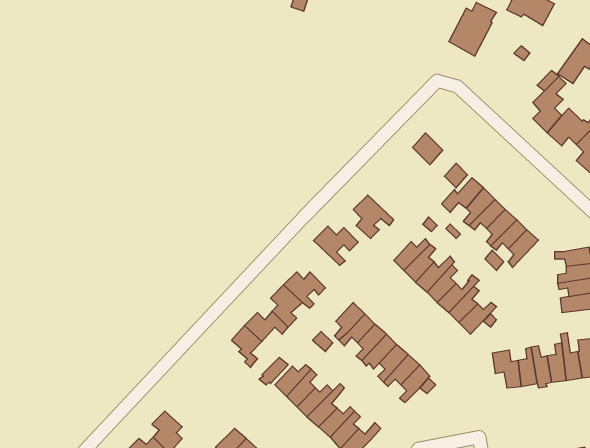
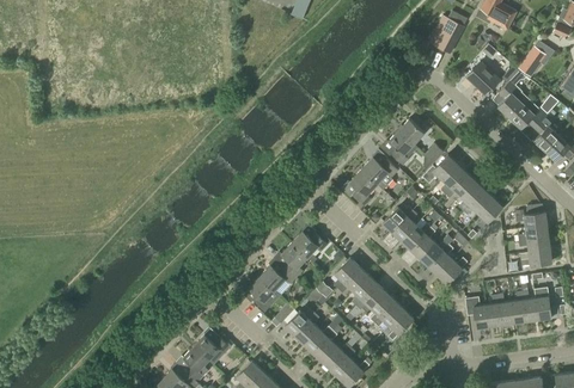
building: none -> [466,62,499,96]
building: none -> [387,130,417,166]
building: [313,226,358,265] -> [361,158,398,190]
building: none -> [194,335,231,364]

